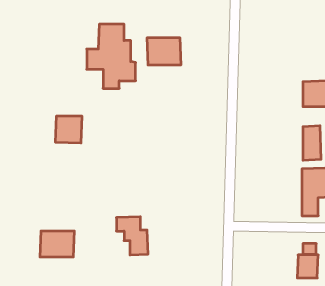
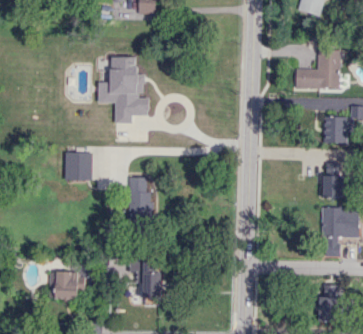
building: none -> [294,49,339,88]
building: [147,38,181,65] -> none
building: none -> [129,176,152,219]

